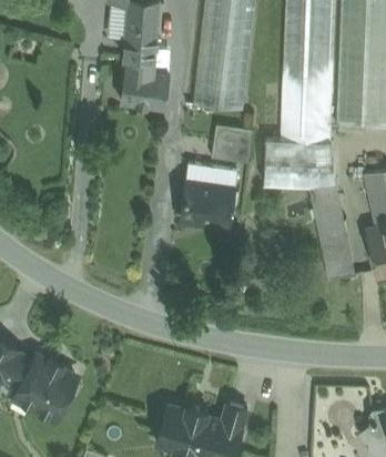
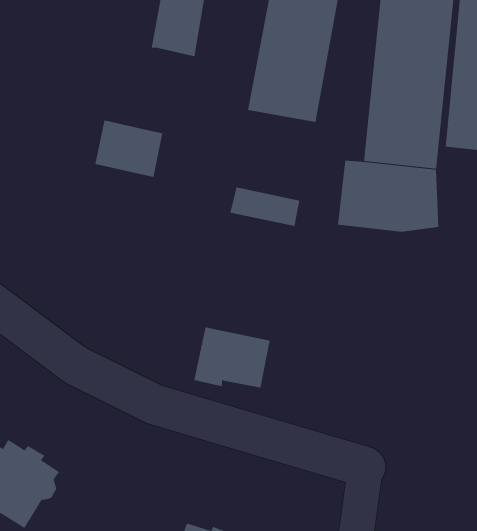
building: [121,68,169,106] -> [94,120,163,178]
building: [211,128,251,163] -> none
building: [180,182,233,224] -> [193,327,271,388]
building: [309,182,355,281] -> none

